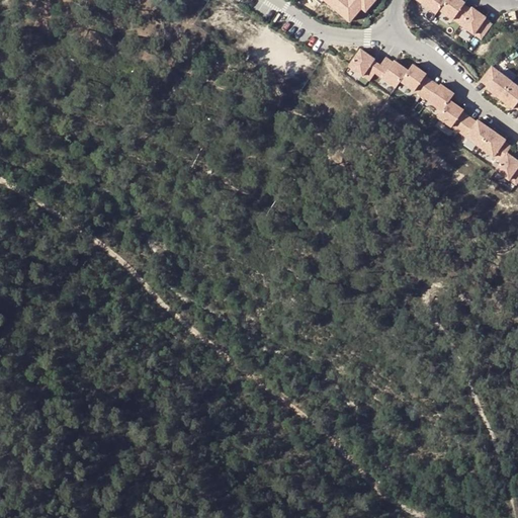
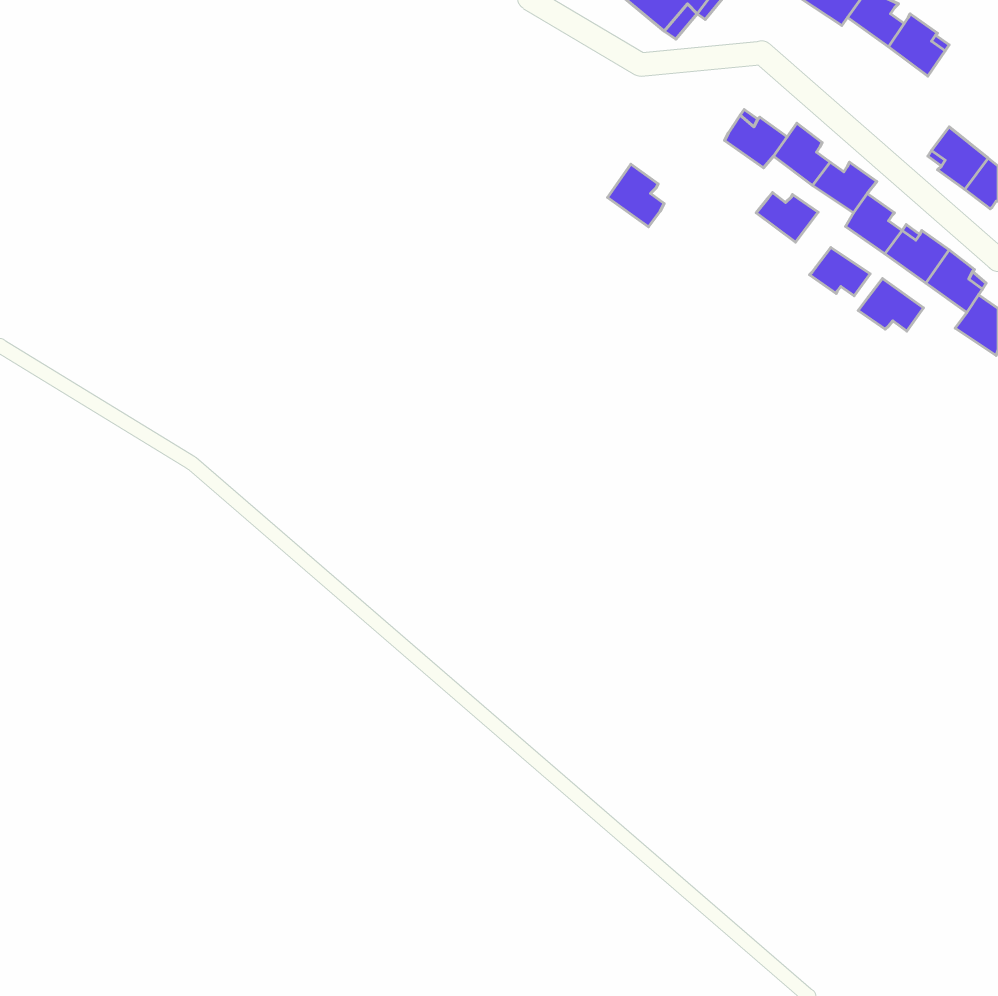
building: [348,49,377,81] -> [607,164,664,227]
building: none -> [756,193,818,242]
building: none -> [810,247,870,296]
building: none -> [858,278,923,331]

